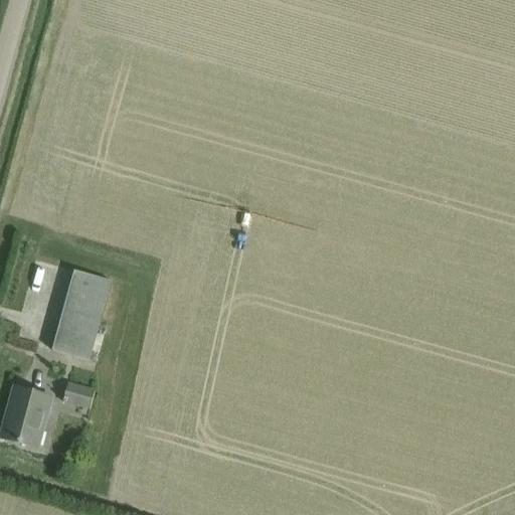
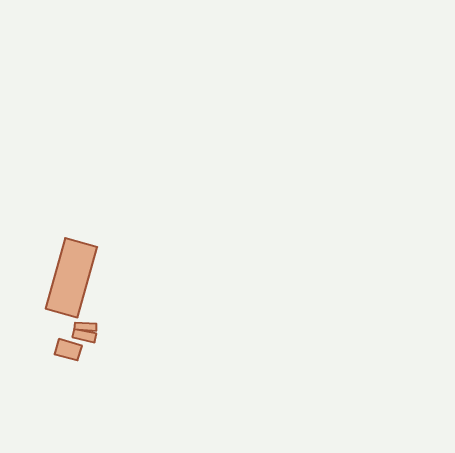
building: [5,384,50,445] -> none

